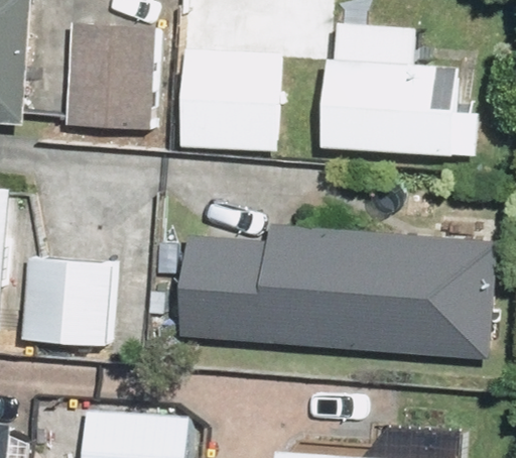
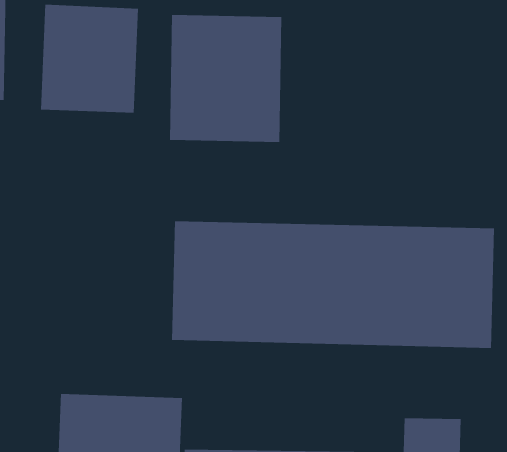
building: [317,48,485,152] -> none
building: [22,263,123,340] -> none

